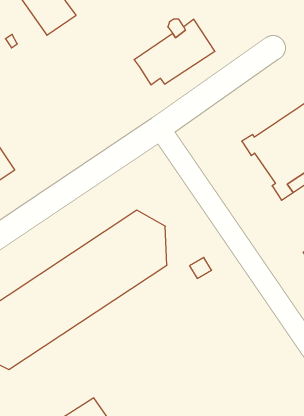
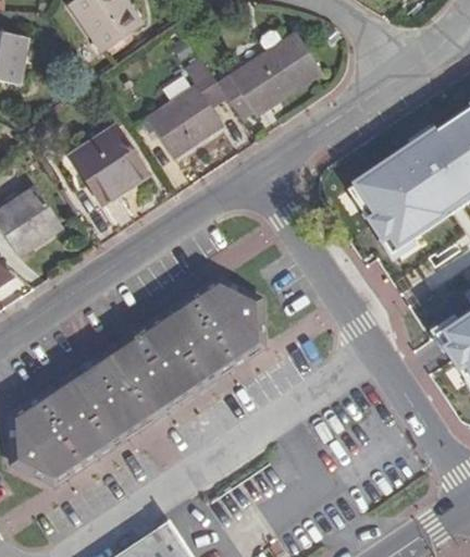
building: none -> [147,58,223,156]
building: none -> [74,127,141,203]

